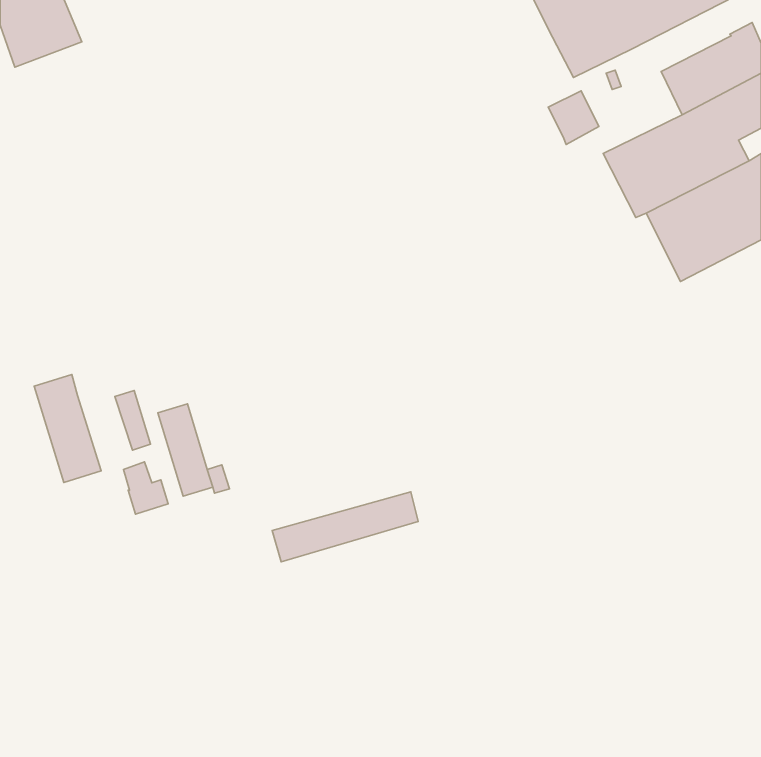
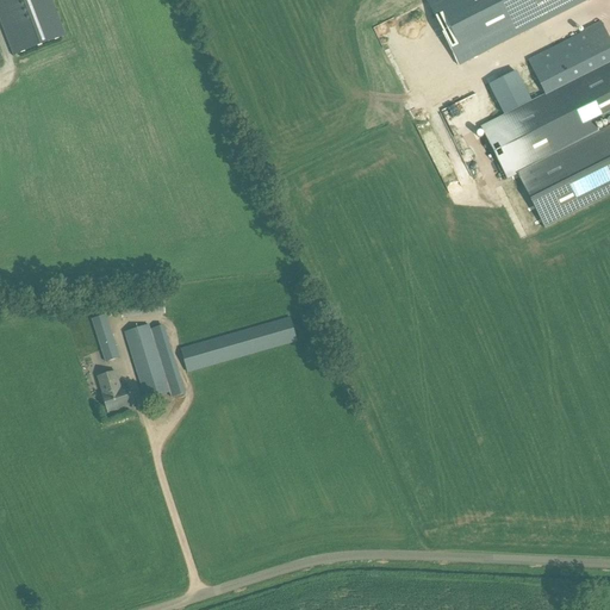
building: [548,91,599,144] -> [490,69,530,112]
building: [34,374,101,483] -> none
building: [272,492,418,562] -> [181,315,298,371]

